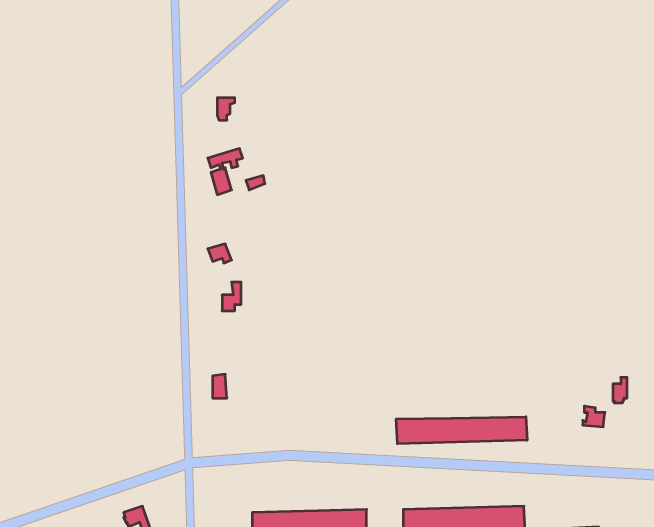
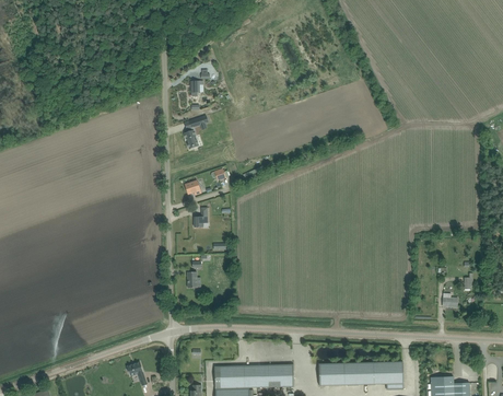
building: [396,417,527,444] -> none

